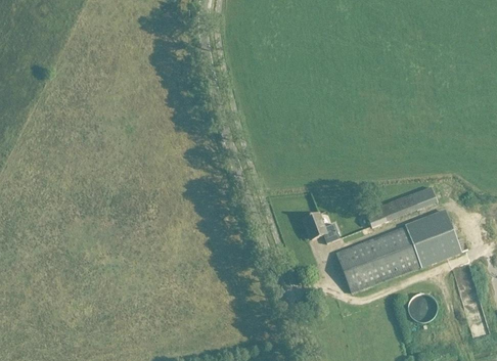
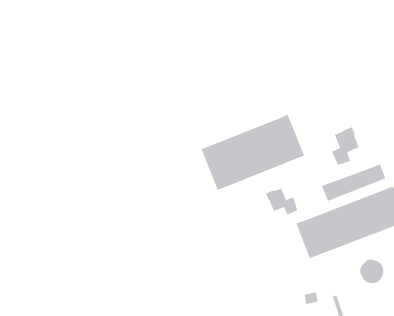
building: none -> [201,114,305,191]
building: none -> [331,127,359,166]

